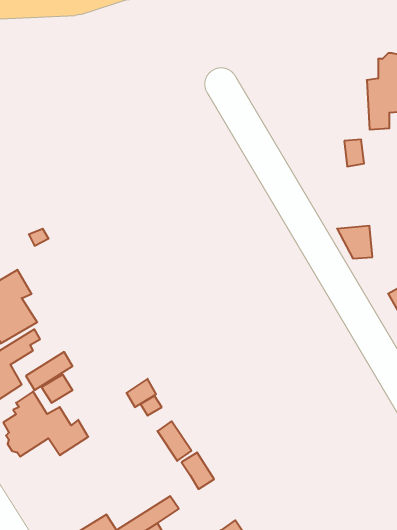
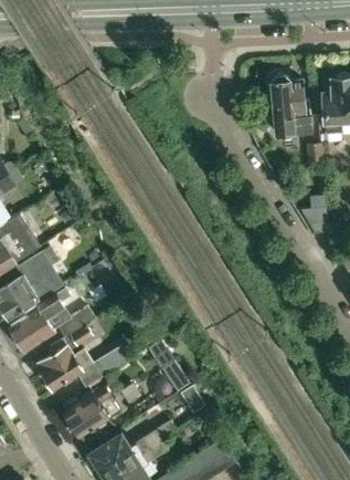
building: none -> [271,76,318,133]
building: none -> [64,387,120,439]

